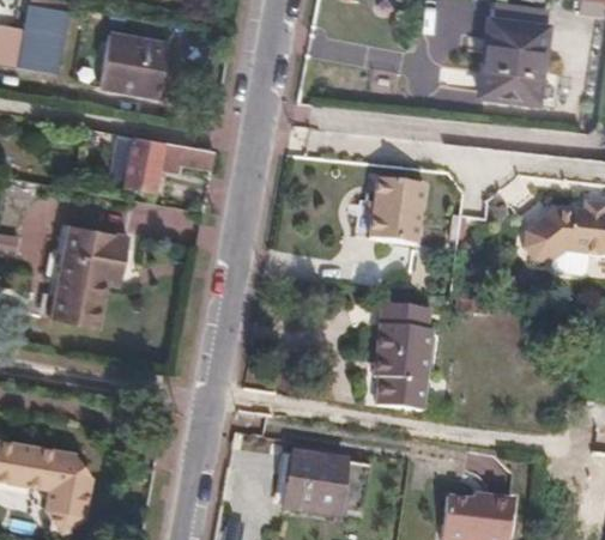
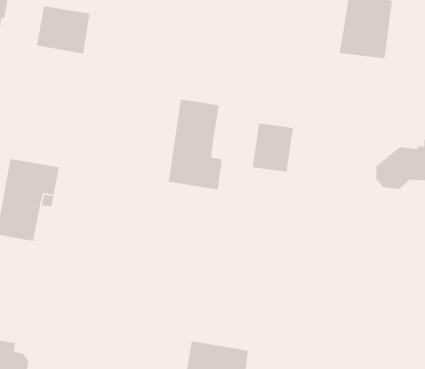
building: [83,127,213,192] -> none
building: none -> [168,98,223,191]
building: [374,303,432,409] -> none

